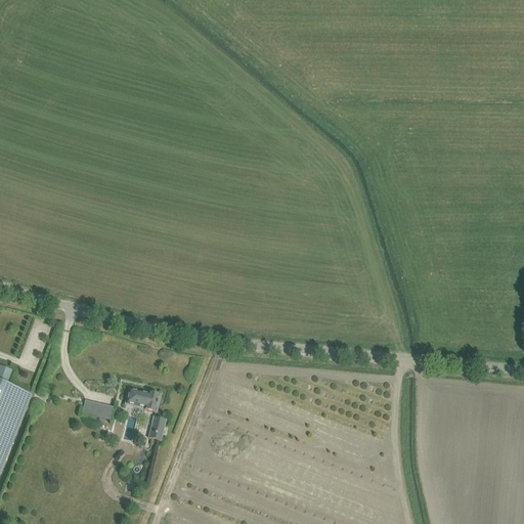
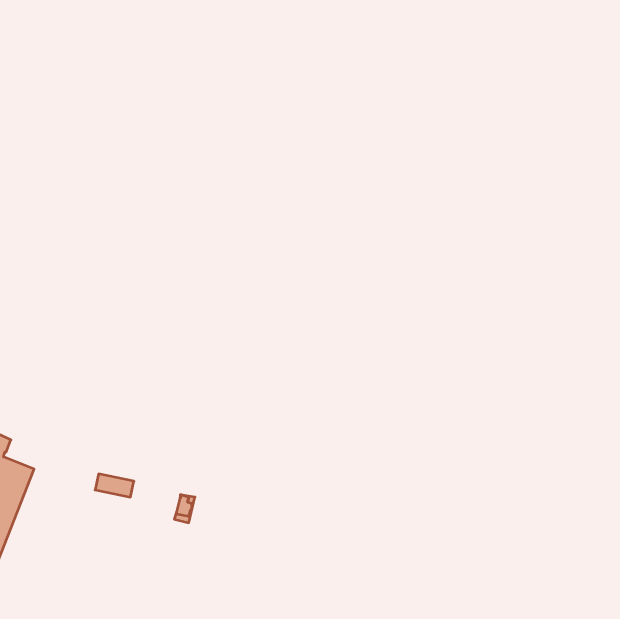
building: [124,388,158,410] -> none

